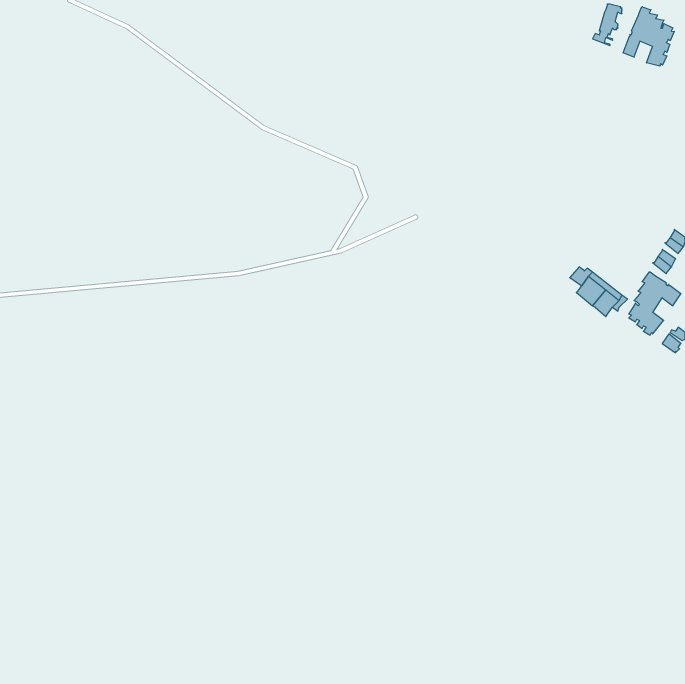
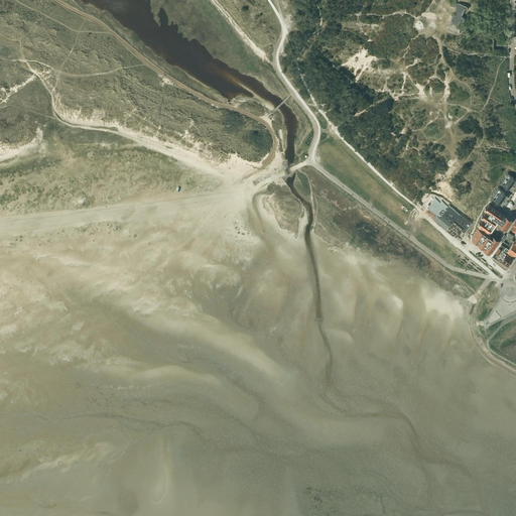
building: [623,7,674,66] -> none

